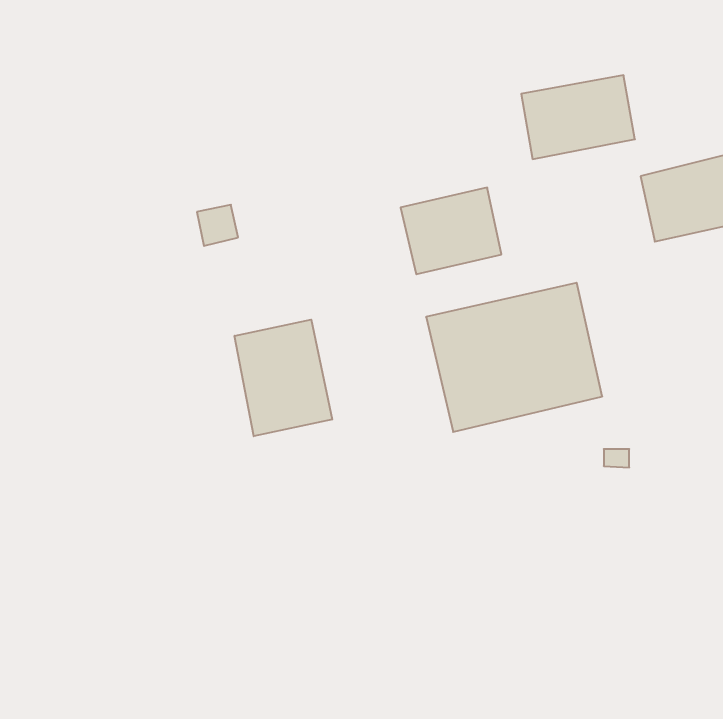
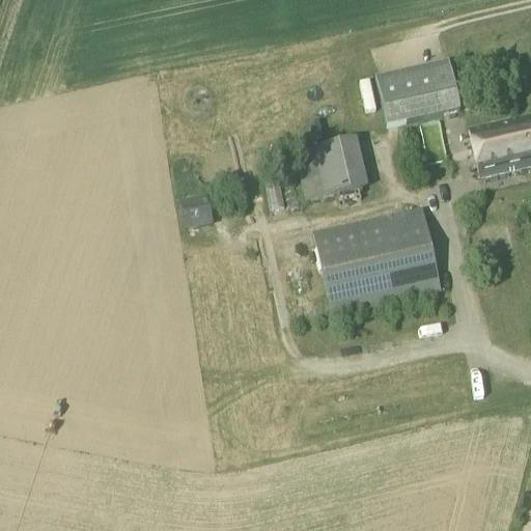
building: [197,205,238,246] -> [183,199,213,229]
building: [235,320,332,436] -> none

